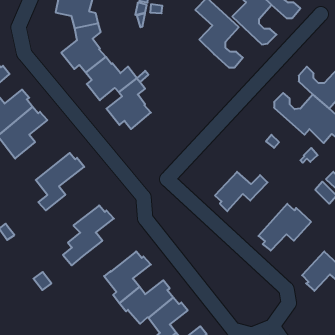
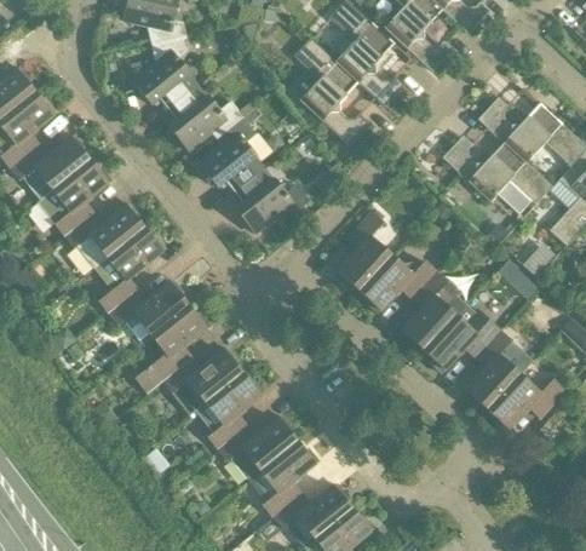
building: none -> [294,36,364,139]
building: none -> [235,167,310,231]
building: none -> [64,201,144,266]
building: none -> [334,211,391,289]
building: none -> [398,270,465,349]
building: none -> [109,277,188,341]
building: none -> [463,328,519,407]
building: none -> [163,346,242,413]

